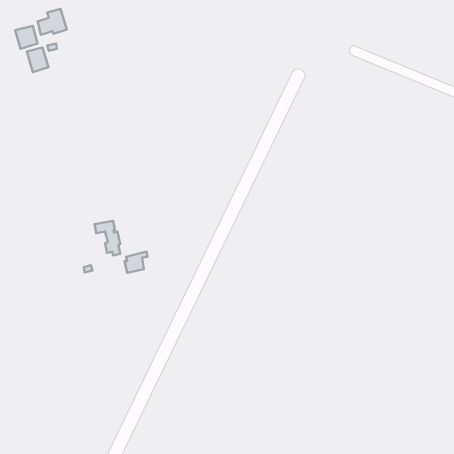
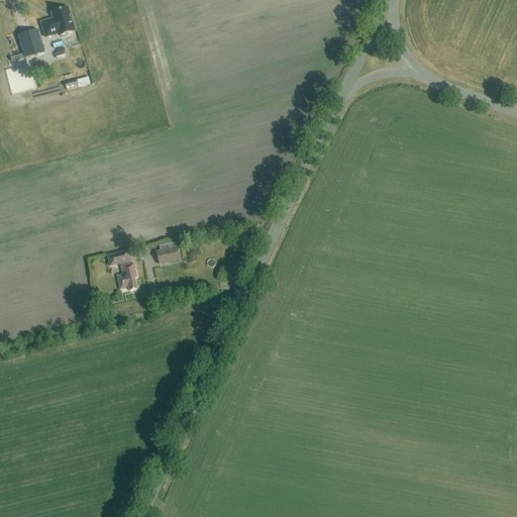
building: [27,48,49,72] -> none
building: [124,251,148,273] -> [156,239,182,264]

